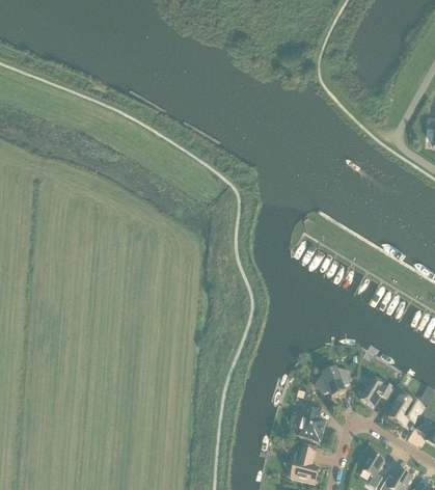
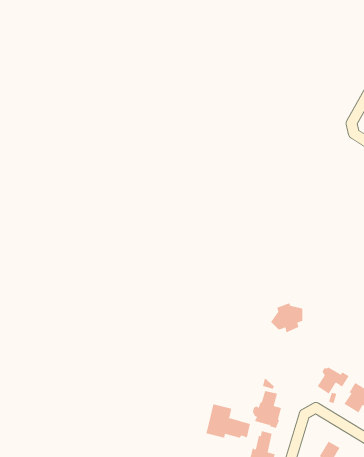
building: [316,364,349,396] -> [270,302,303,333]
building: none -> [206,404,250,439]

